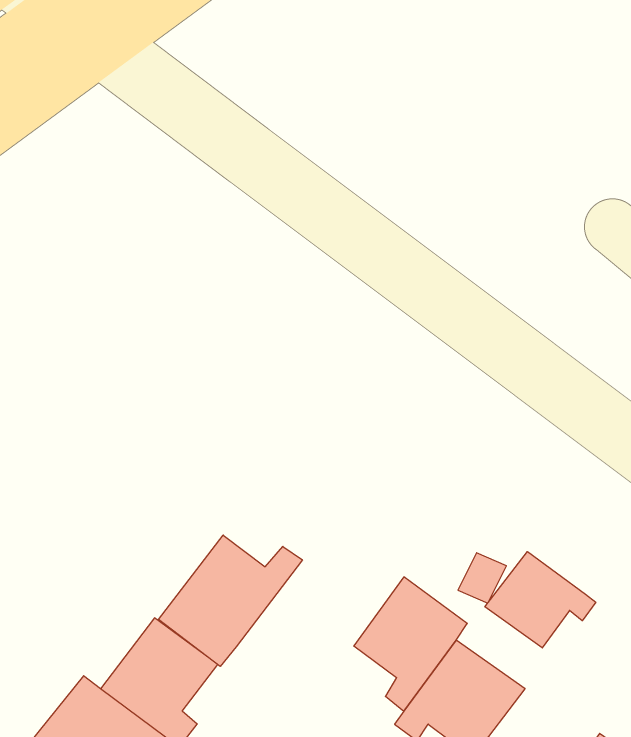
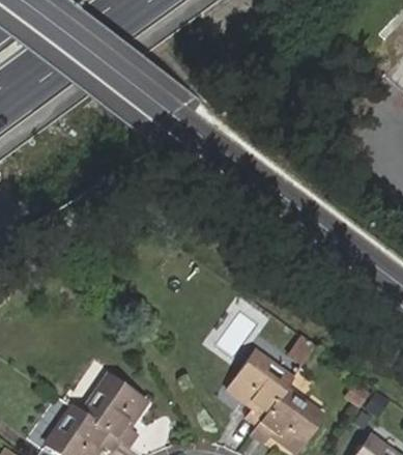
building: [158,535,302,666] -> none
building: [485,552,596,648] -> none

